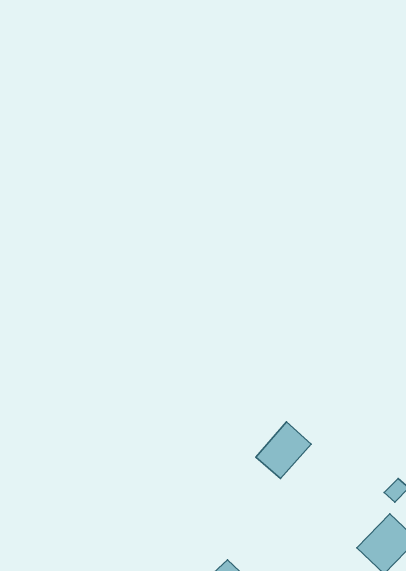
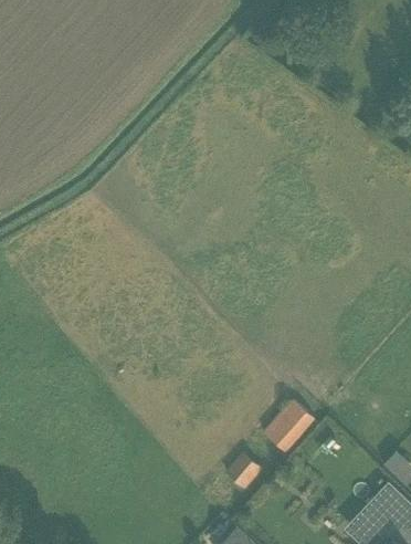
building: none -> [225,454,262,490]

